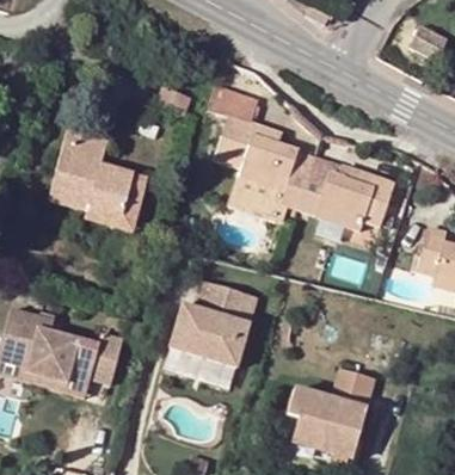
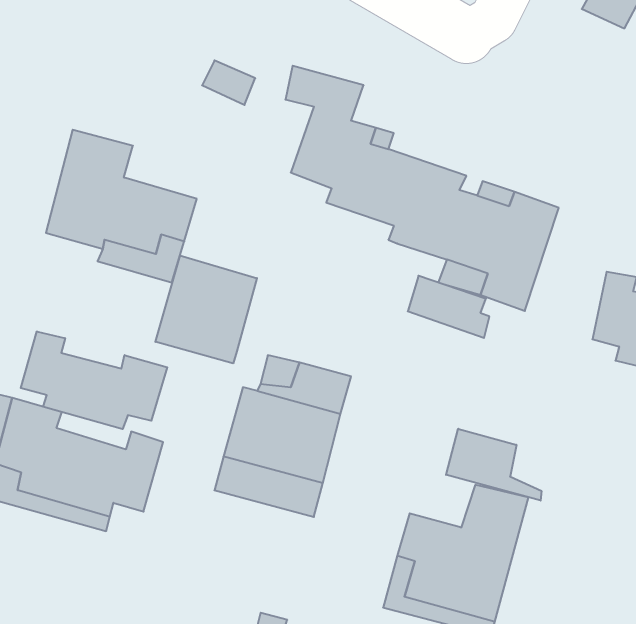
building: [229,178,284,220] -> [408,276,489,338]
building: none -> [155,255,257,363]
building: none -> [21,331,167,429]
building: none -> [446,429,541,501]

